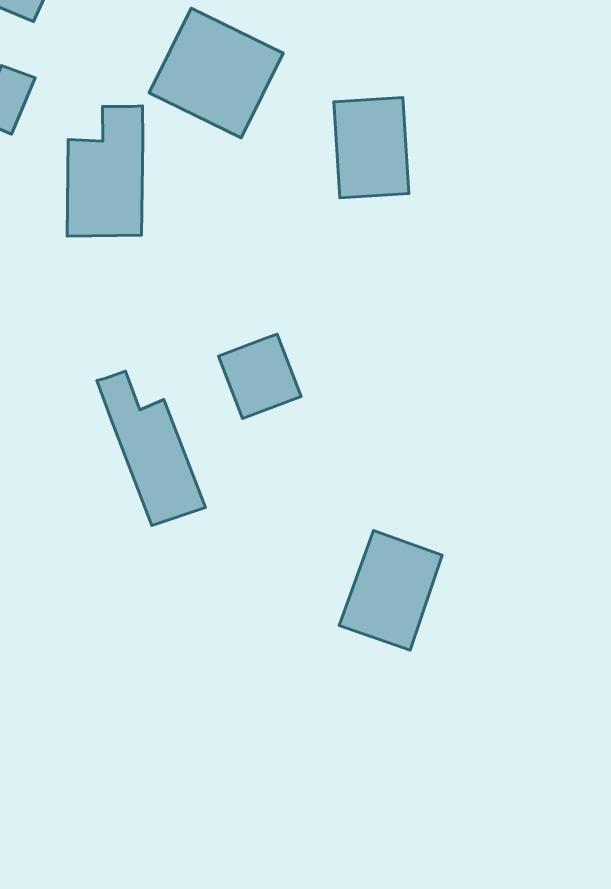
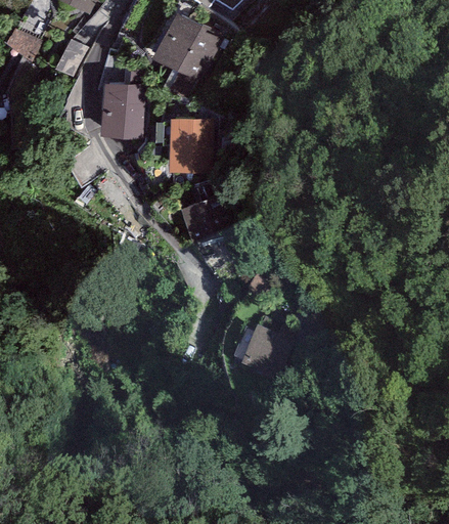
building: [334,97,409,198] -> [169,118,208,172]
building: [97,371,205,525] -> none

